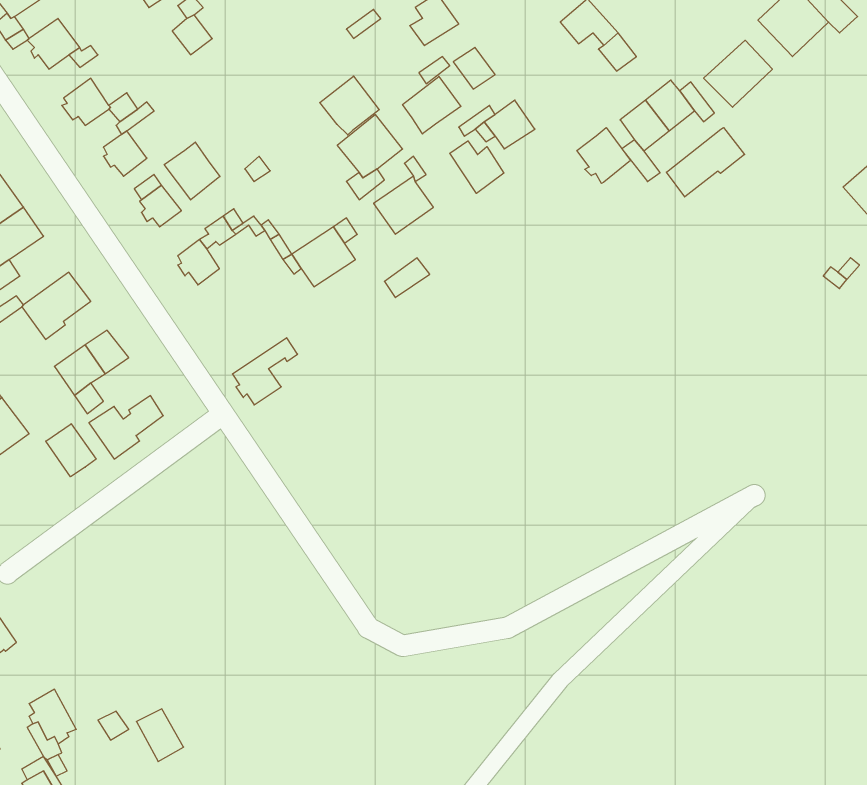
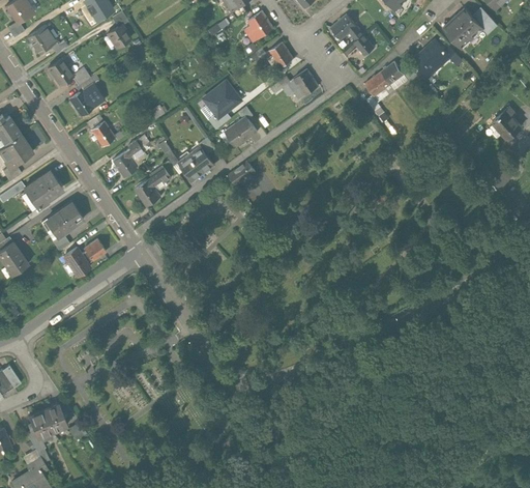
building: [320,76,379,135] -> none
building: [403,76,461,134] -> none
building: [577,128,631,183] -> none
building: [666,128,745,197] -> none
building: [450,141,504,193] -> none
building: [164,142,220,200] -> none
building: [232,338,298,405] -> [134,168,171,206]
building: [46,424,96,477] -> none
building: [136,709,184,762] -> [41,401,68,431]

